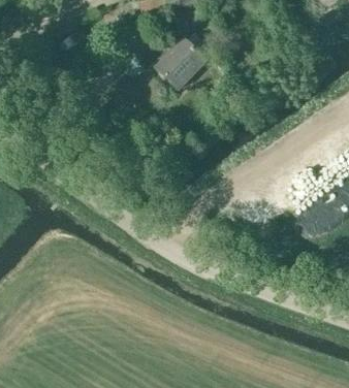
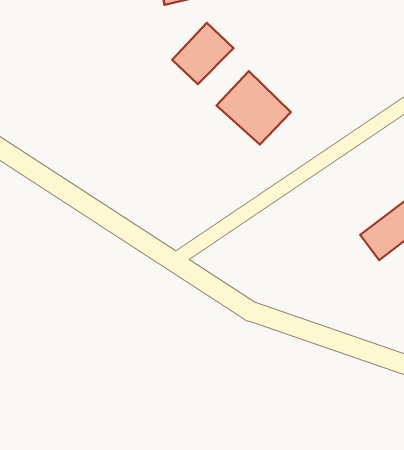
building: none -> [216,71,291,145]

